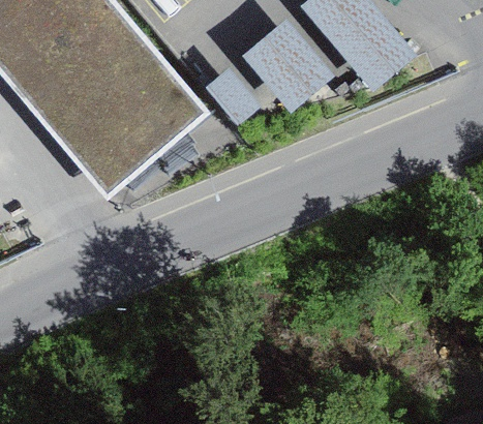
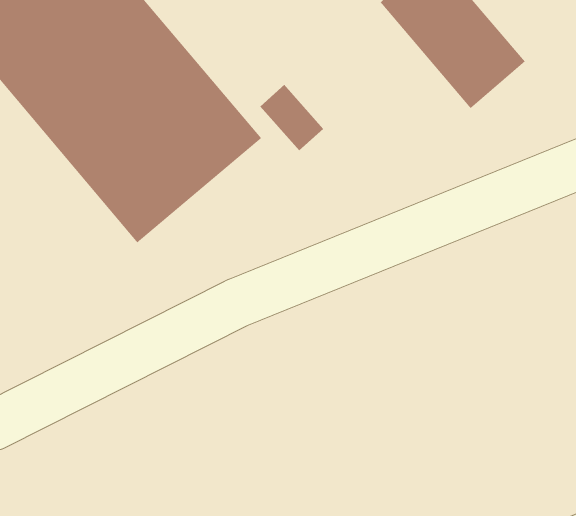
building: [242,19,332,111] -> none

